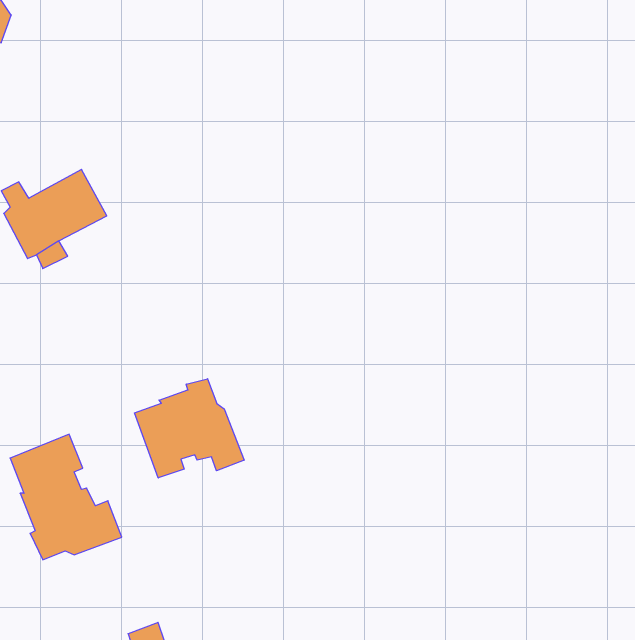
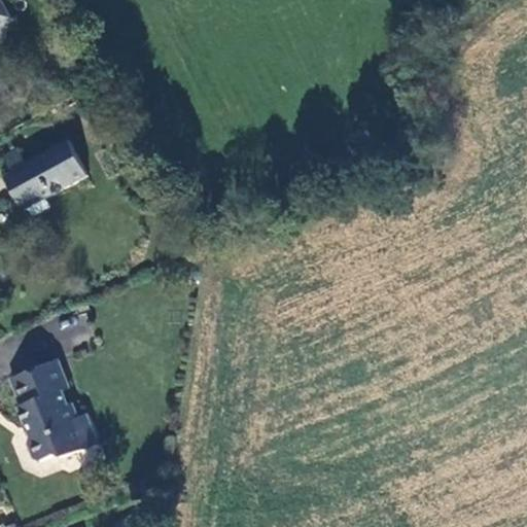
building: [135,379,244,478] -> none

